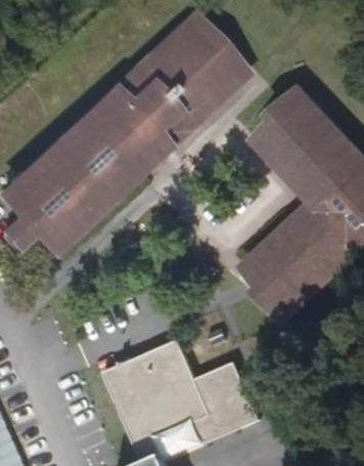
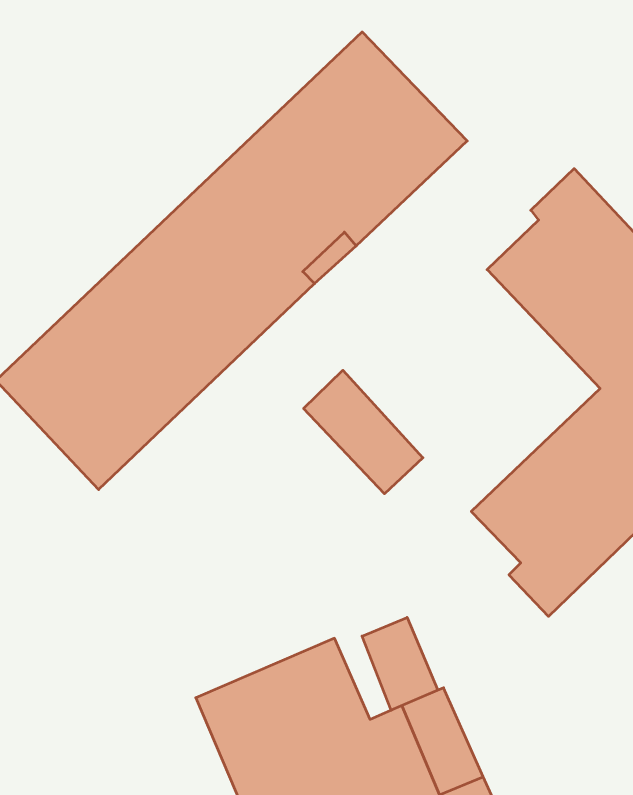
building: none -> [304,370,423,494]
building: none -> [362,617,438,710]

